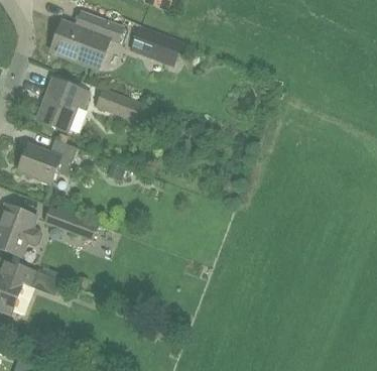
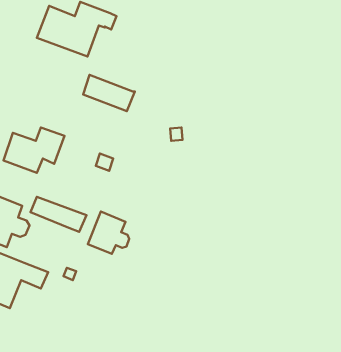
building: [129,25,170,60] -> none
building: [36,77,88,129] -> none
building: none -> [88,212,129,254]

